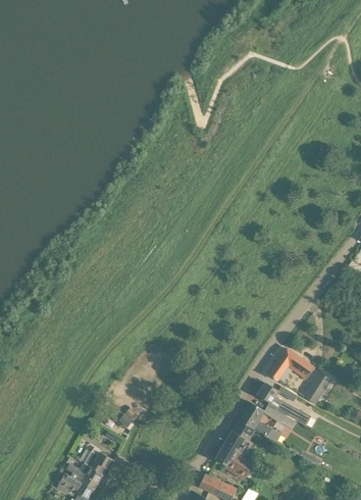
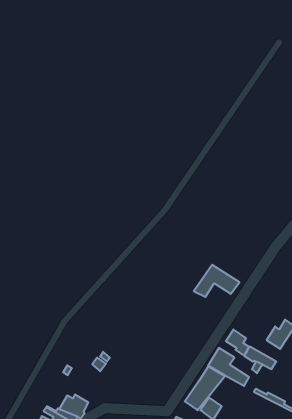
building: [266,349,314,383] -> [194,265,239,297]

